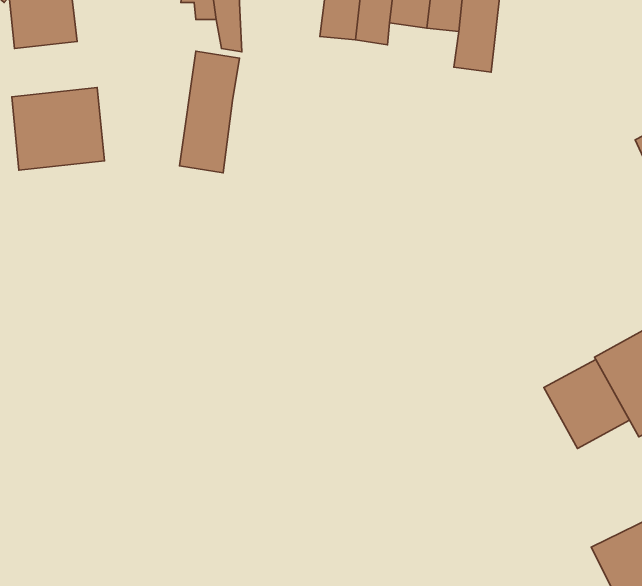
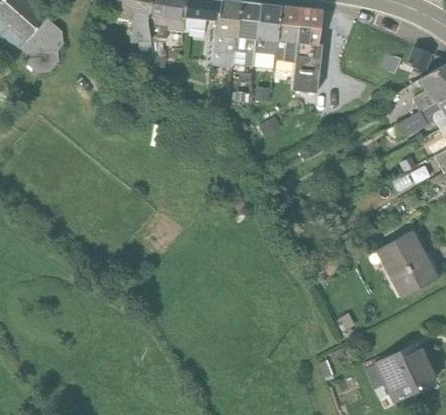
building: [180,51,240,173] -> none
building: [12,88,104,170] -> none
building: [544,360,630,448] -> none

